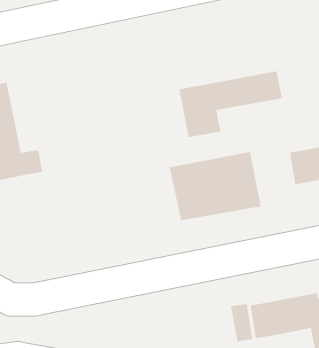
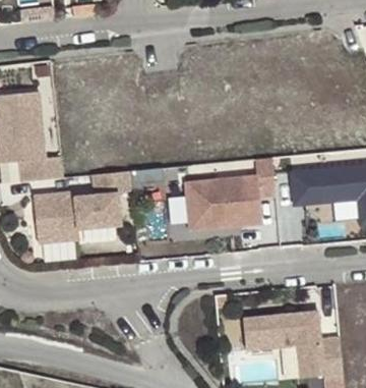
building: [179,71,283,138] -> none
building: none -> [34,169,133,241]

